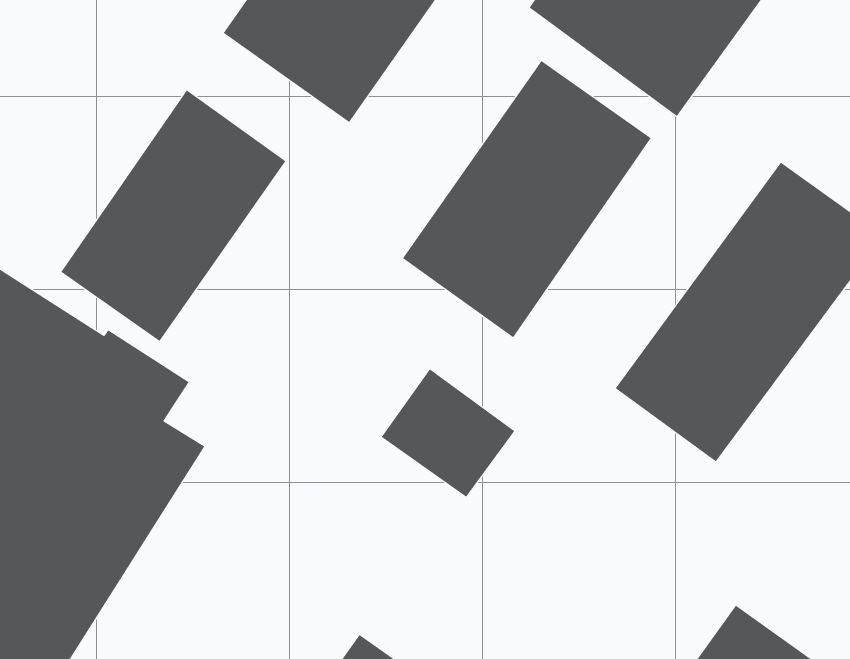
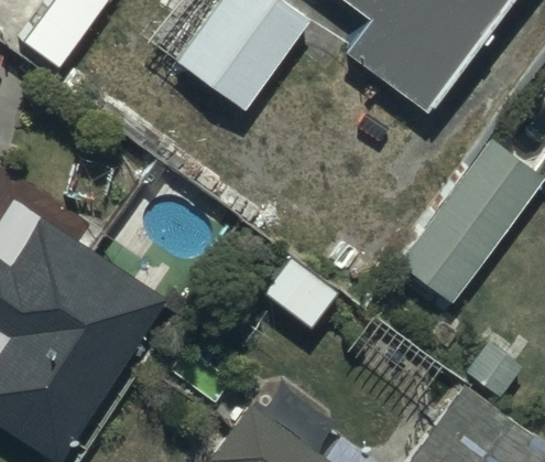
building: [402,60,652,338] -> none
building: [61,90,286,342] -> none

